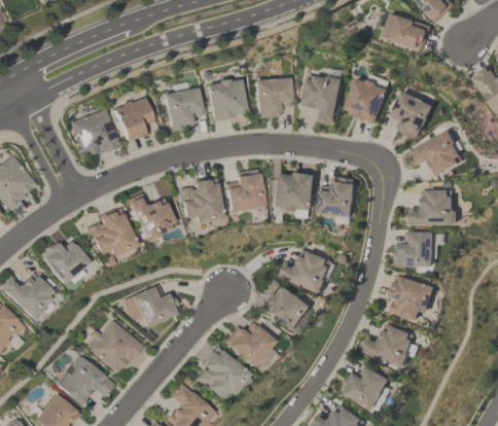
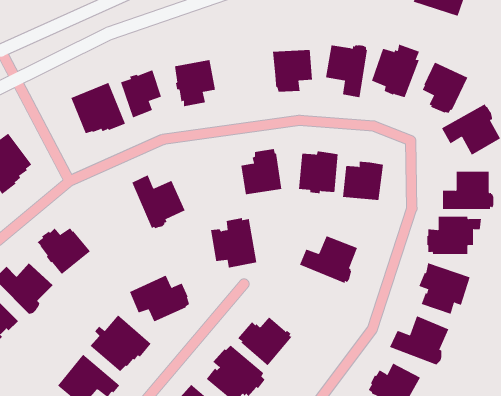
building: [208,78,247,121] -> none
building: [180,177,223,223] -> [210,217,257,268]
building: [87,208,136,256] -> none
building: [262,285,313,332] -> none

